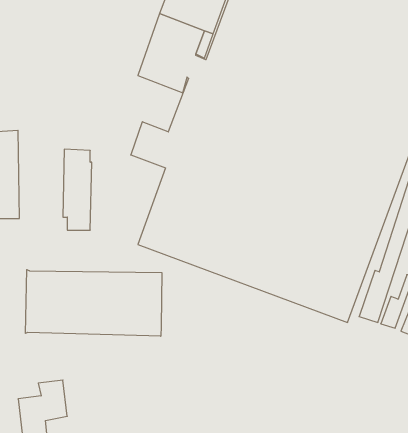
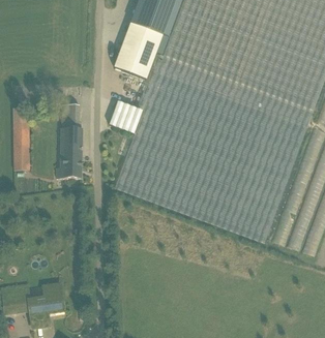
building: [26,270,162,336] -> none

